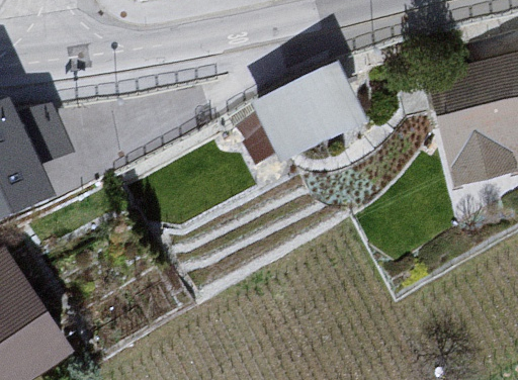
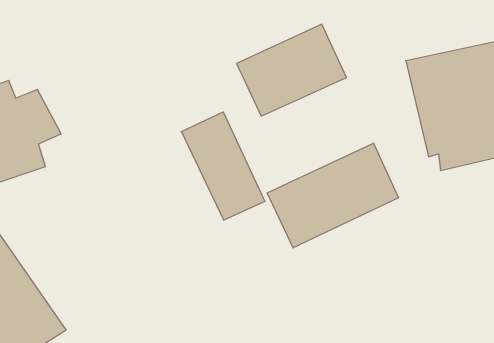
building: none -> [182,112,265,220]
building: none -> [267,143,399,248]

